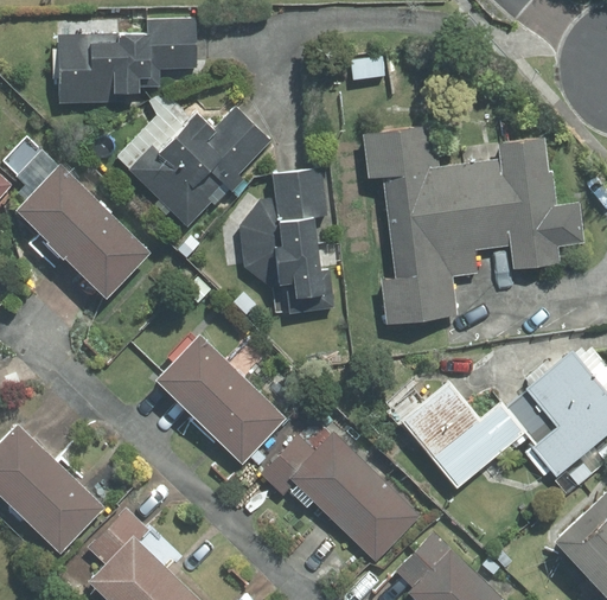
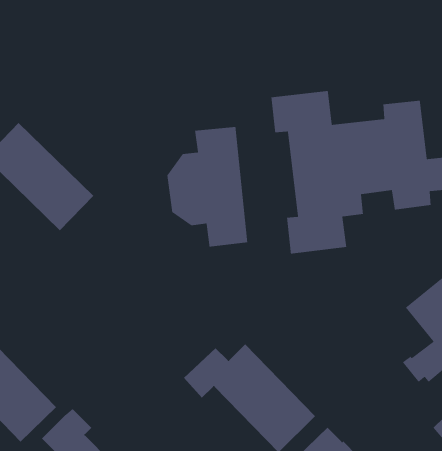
building: [55,23,197,104] -> none
building: [127,107,270,228] -> none
building: [156,332,286,462] -> none
building: [402,378,526,486] -> none

